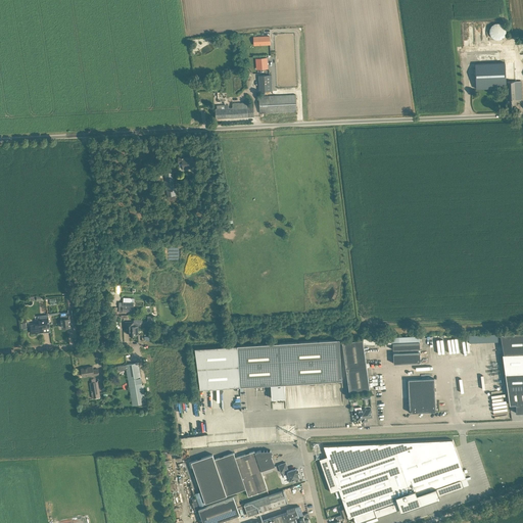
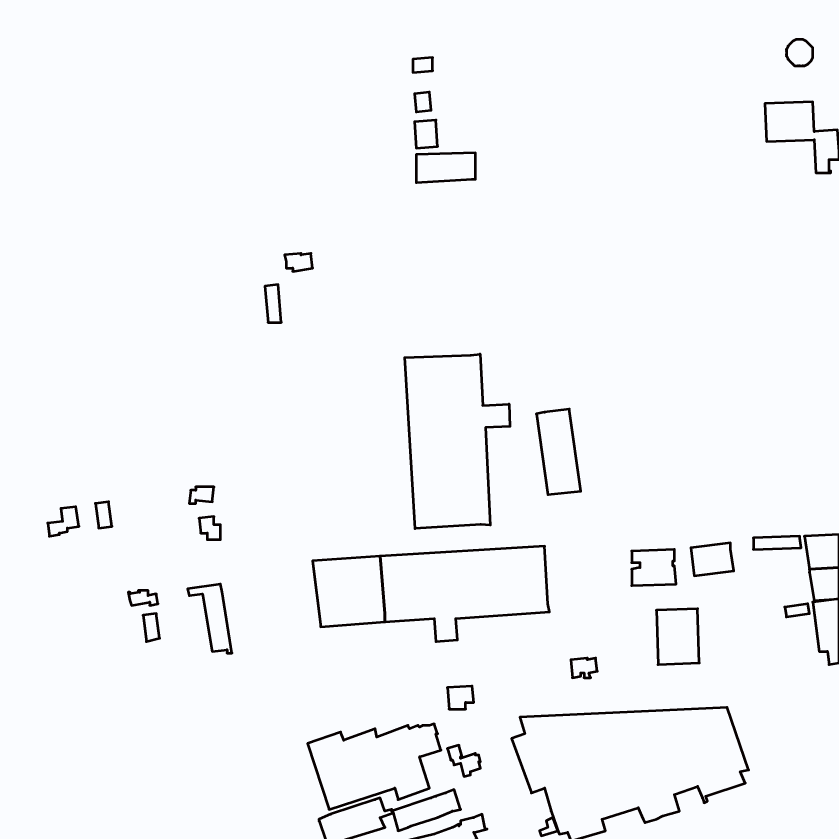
building: [215,103,253,120] -> none
building: none -> [405,354,510,529]
building: [341,340,369,393] -> [536,409,581,495]

